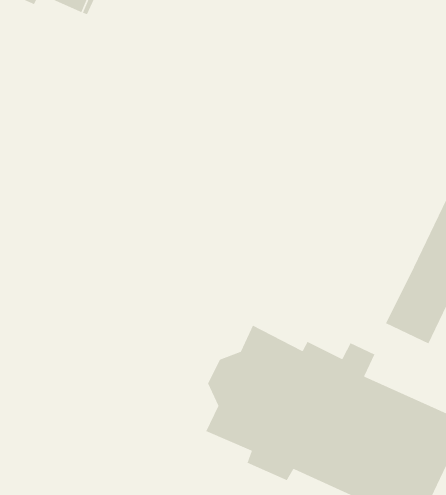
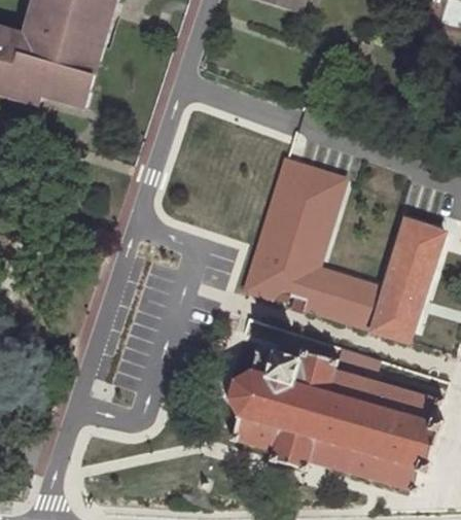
building: none -> [245,159,382,328]

